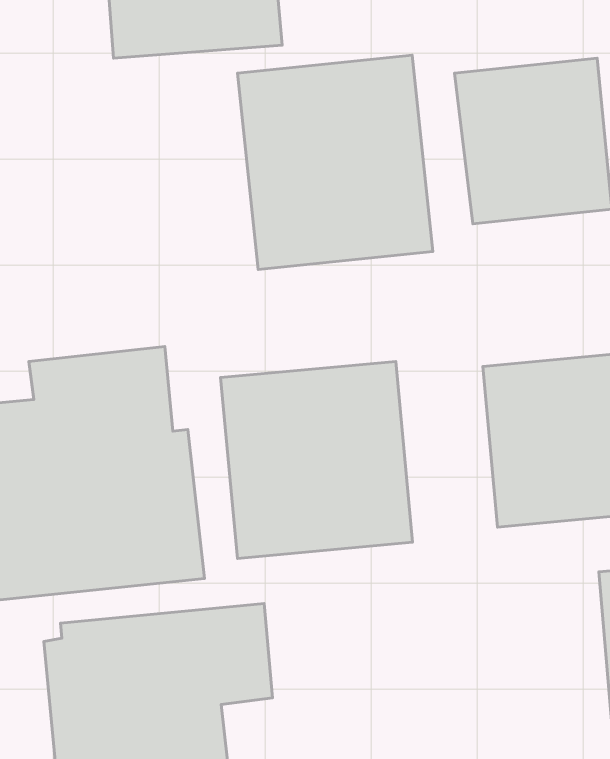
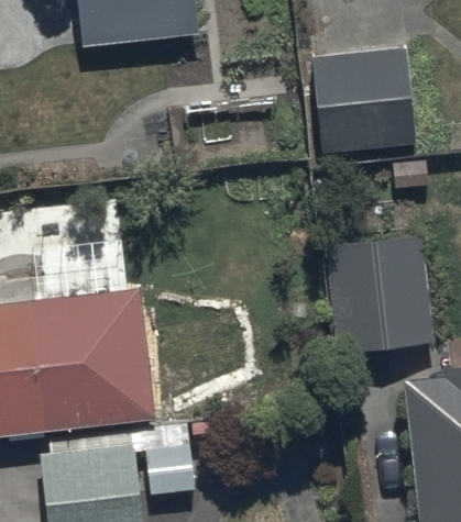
building: [238,55,433,270] -> none
building: [221,362,413,558] -> none

